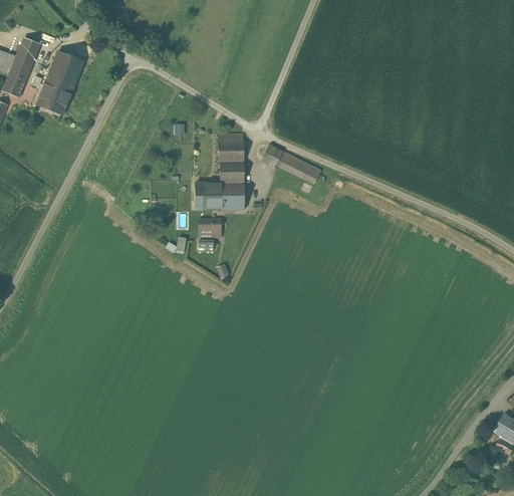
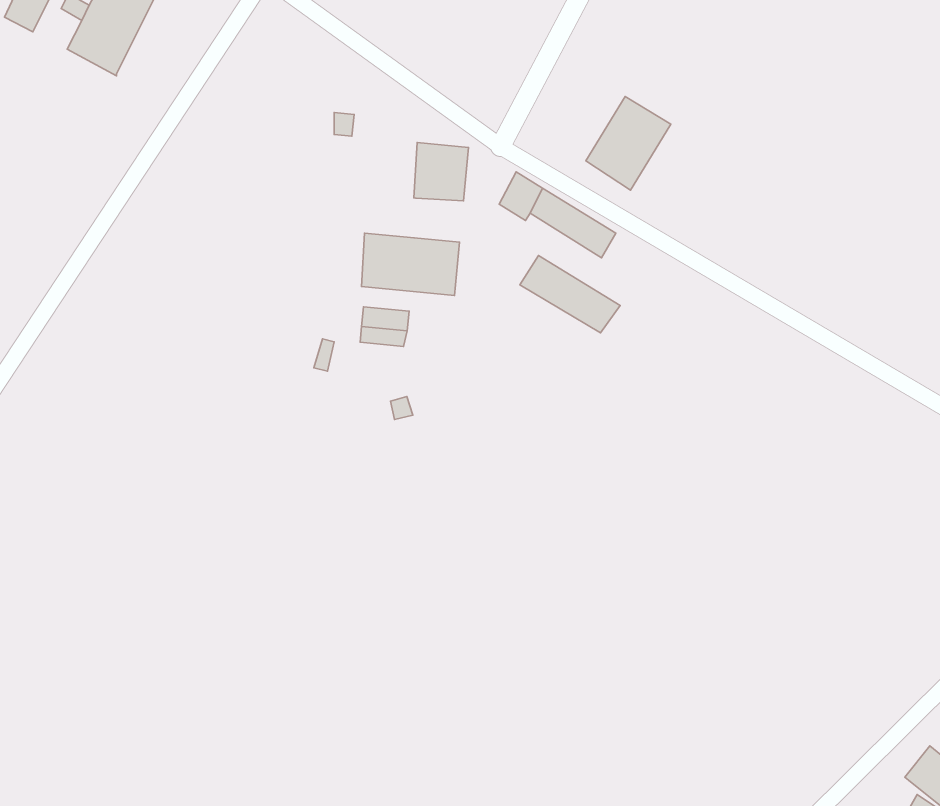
building: none -> [586,96,671,190]
building: [220,161,244,182] -> none
building: none -> [520,255,620,333]

